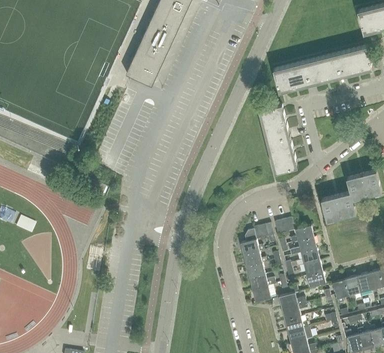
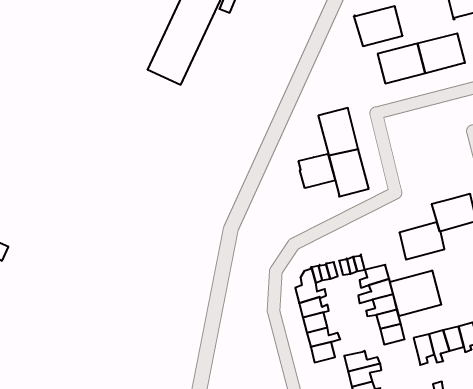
building: [272,61,310,92] -> [354,6,403,46]
building: none -> [299,154,335,188]
building: none -> [390,270,441,316]

